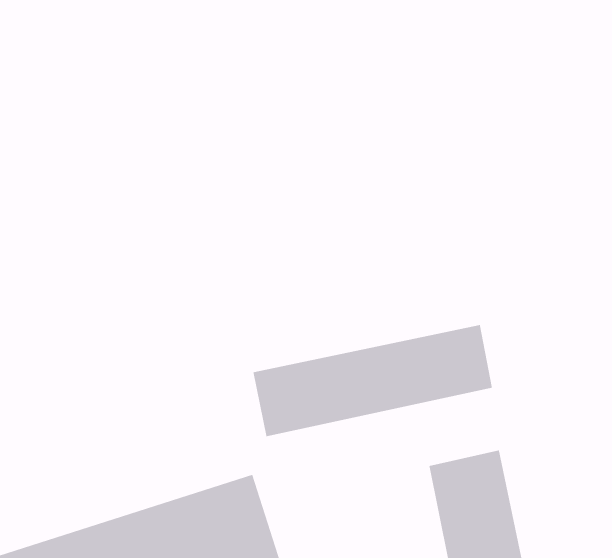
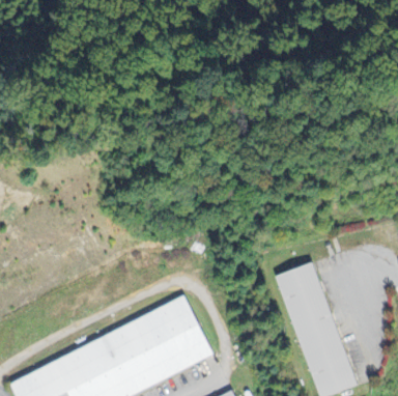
building: [253,324,493,437] -> none

